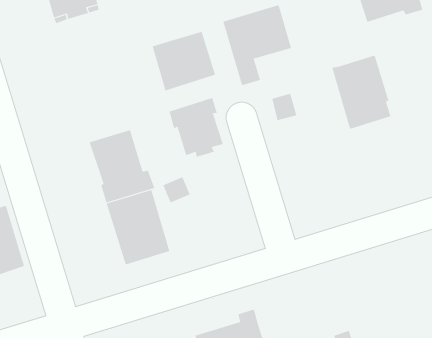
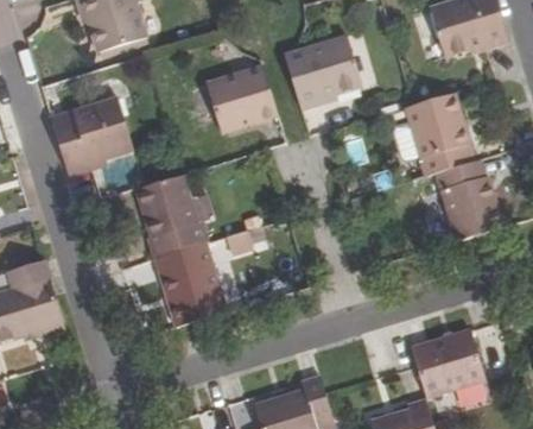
building: none -> [50,96,132,175]
building: [169,97,224,158] -> none
building: none -> [437,159,502,240]
building: none -> [410,329,484,396]

